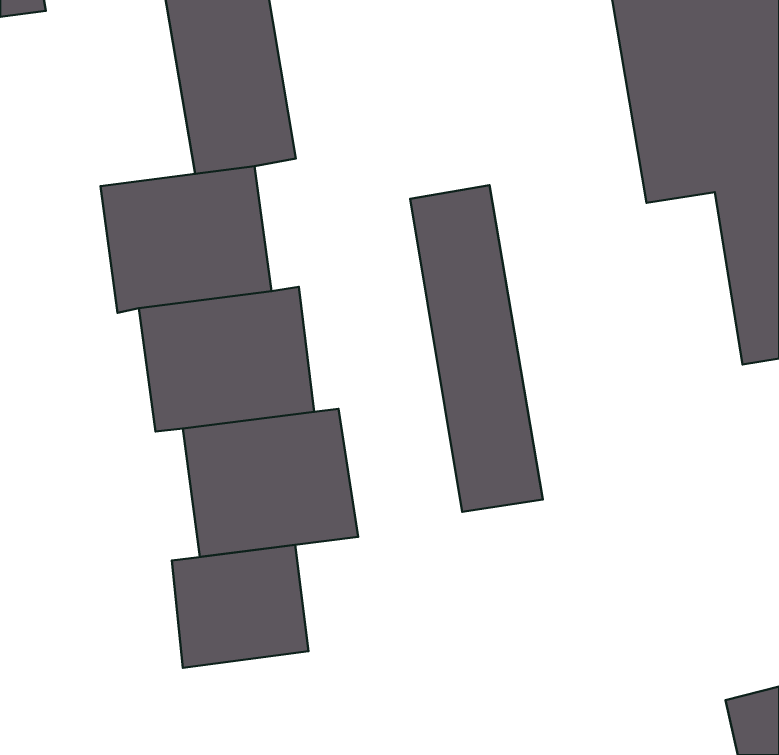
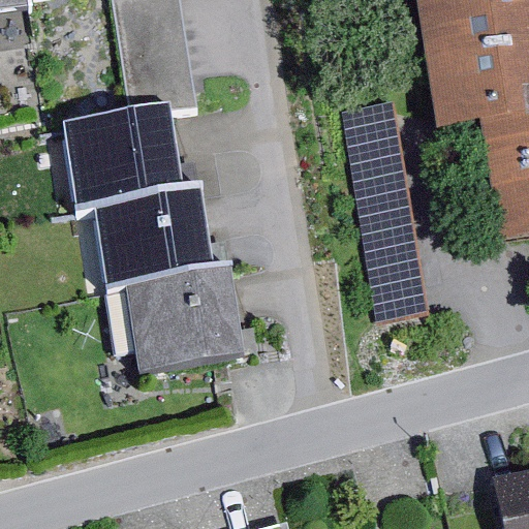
building: [410,185,543,512] -> [342,97,432,318]
building: [172,545,308,668] -> none

